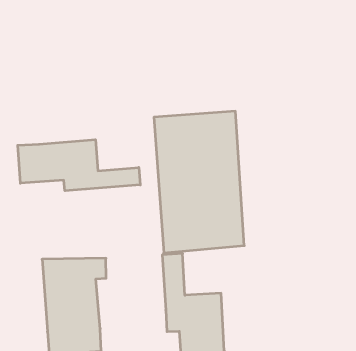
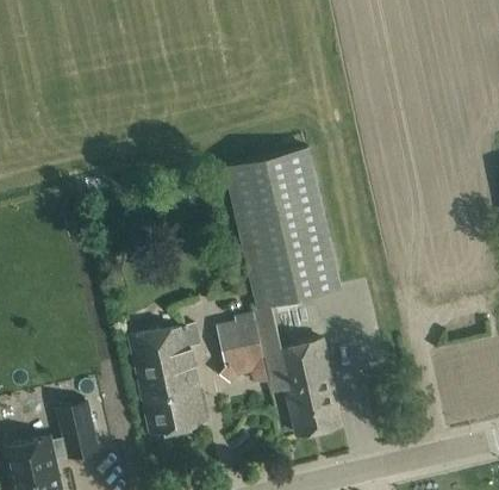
building: [18,140,140,191] -> none
building: none -> [214,312,266,386]

